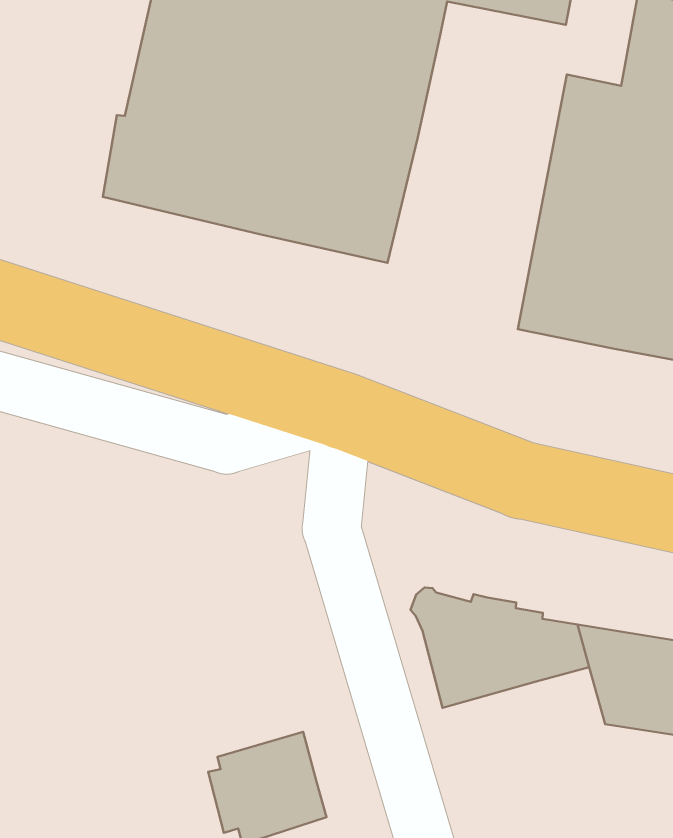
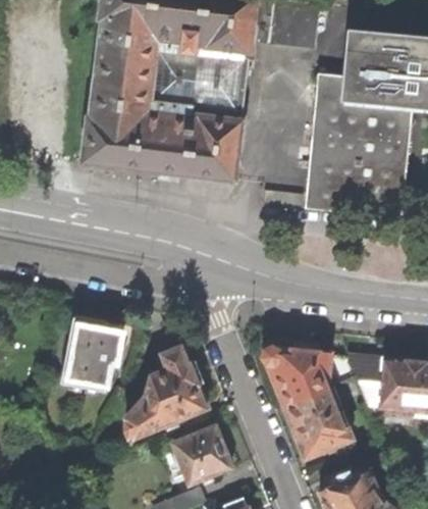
building: none -> [60,317,124,394]
building: none -> [126,346,206,438]
building: none -> [284,389,353,459]

